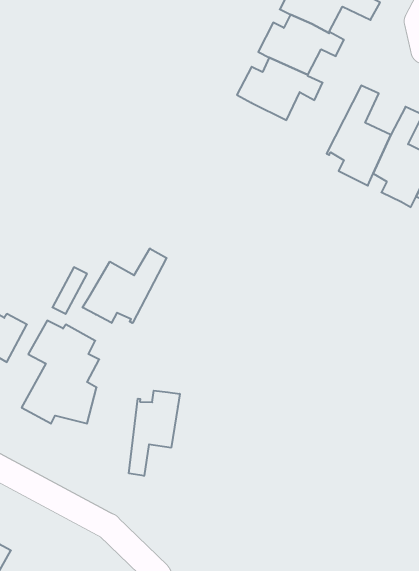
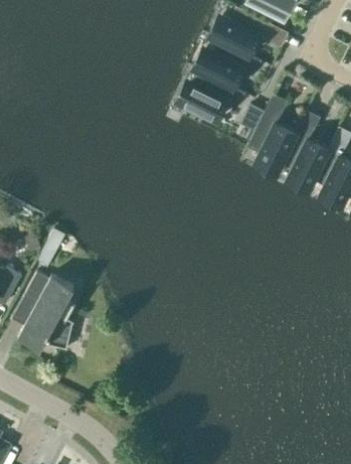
building: [83,248,167,323] -> none
building: [129,391,180,476] -> none

